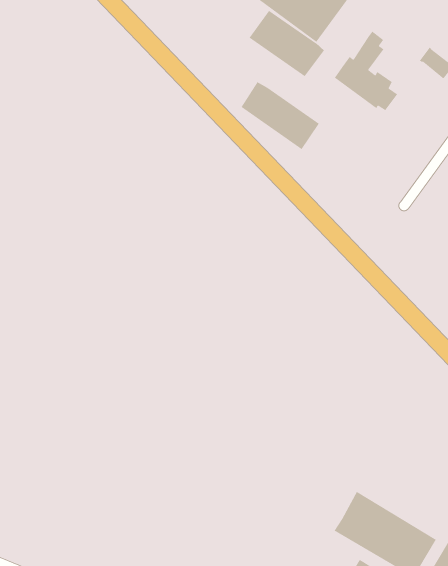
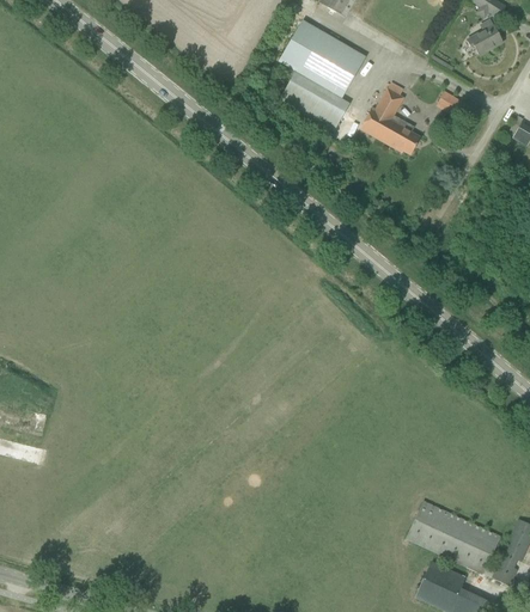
building: [240,81,320,150] -> none

